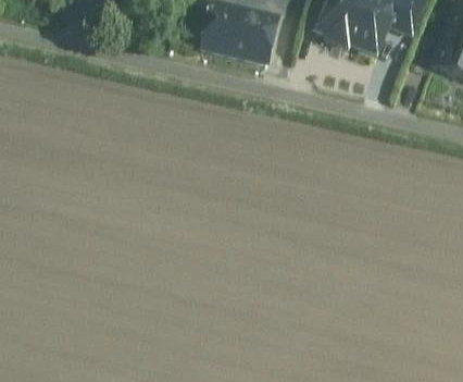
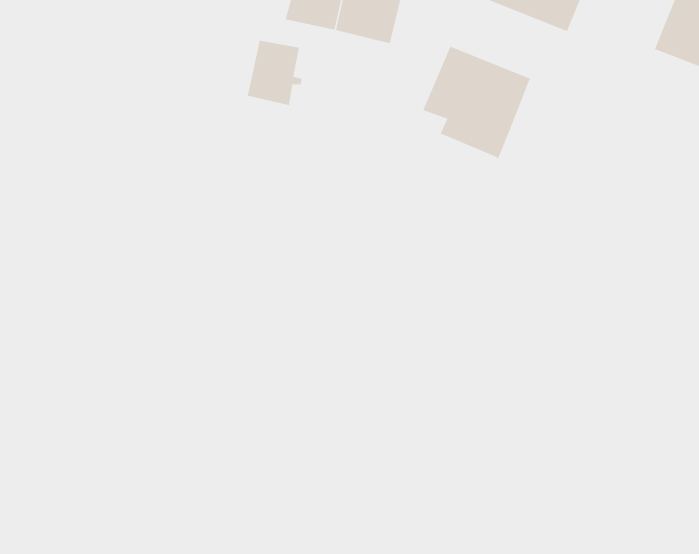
building: none -> [247,40,302,106]
building: none -> [422,46,531,160]

